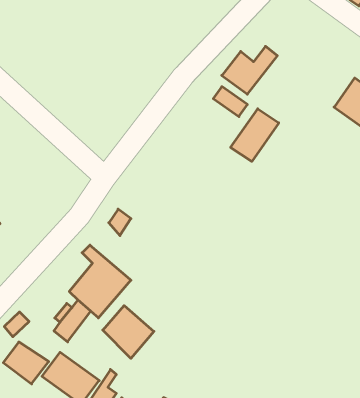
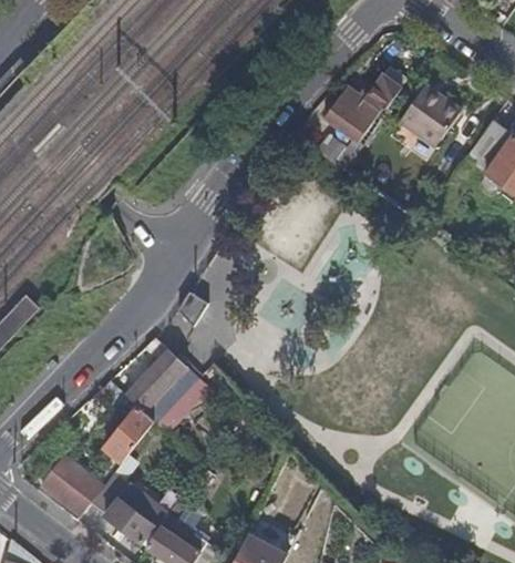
building: none -> [401,89,464,150]
building: [231,109,279,161] -> none
building: [103,306,154,358] -> none

